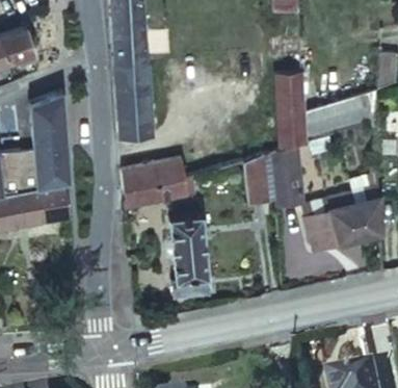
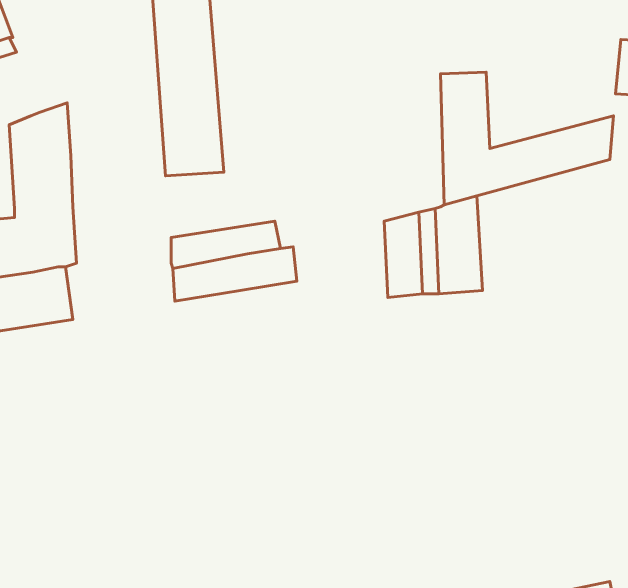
building: [304,197,378,249] -> none
building: [168,212,208,293] -> none

